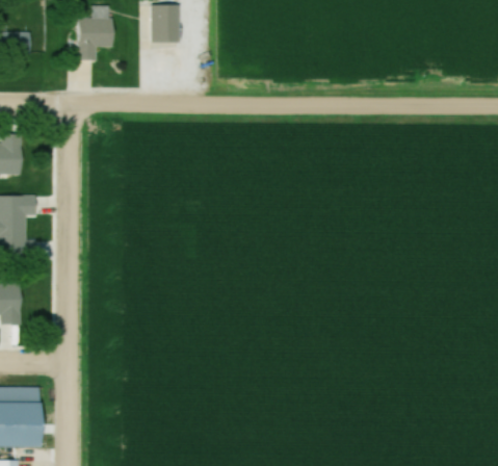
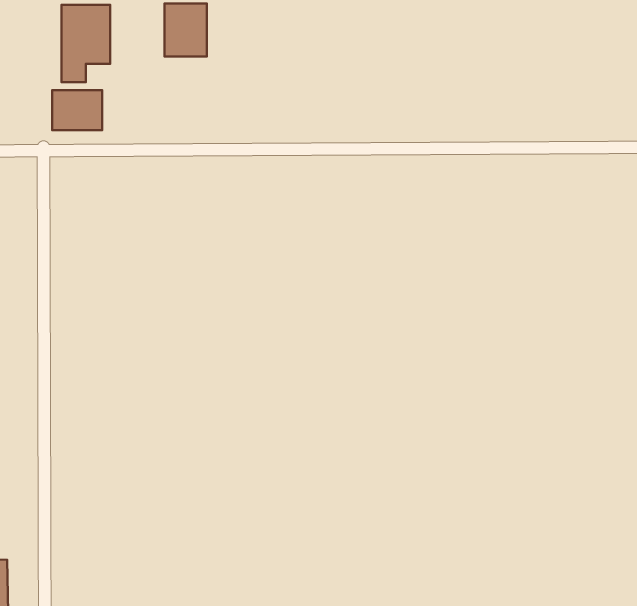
building: none -> [52,90,102,130]

